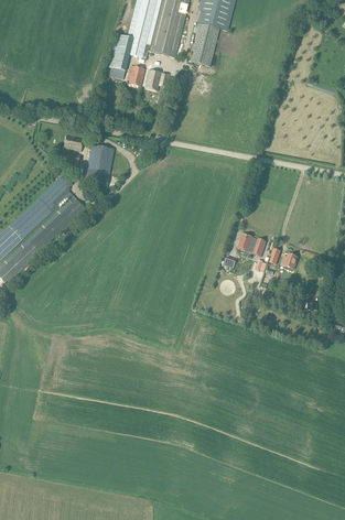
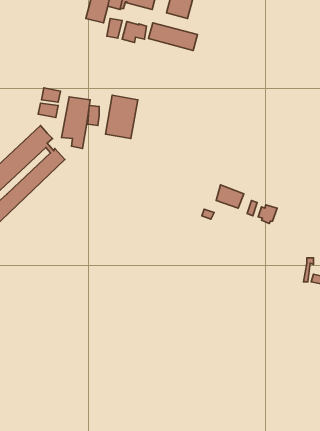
building: none -> [149,23,198,50]
building: none -> [106,95,138,138]

